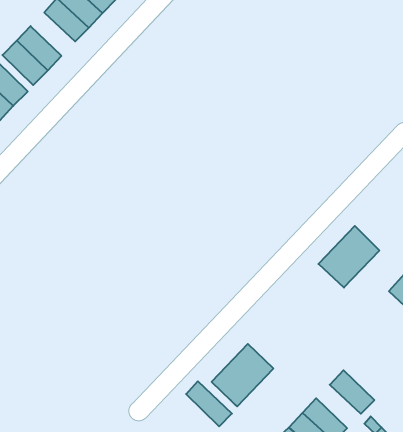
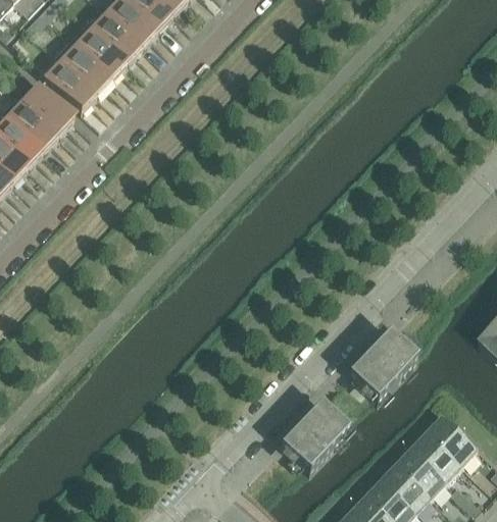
building: none -> [77,28,127,76]
building: [318,226,379,288] -> [348,328,416,398]
building: none -> [428,413,479,463]
building: [186,381,232,426] -> none
building: none -> [397,446,447,494]

